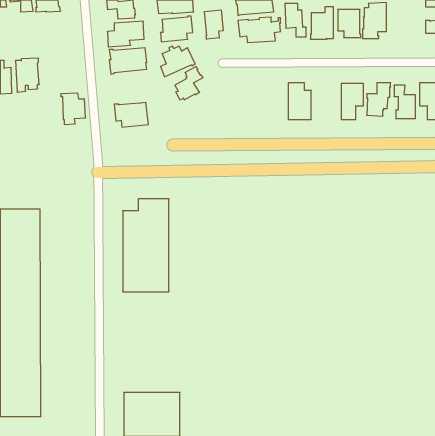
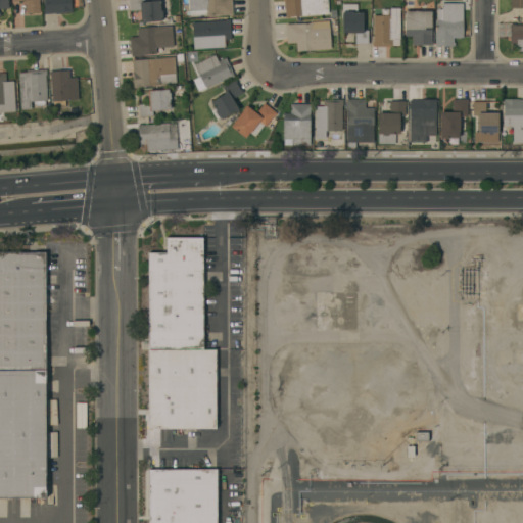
building: [204,10,223,39] -> none
building: none -> [139,90,172,117]
building: none -> [316,100,343,139]
building: none -> [378,101,407,144]
building: none -> [231,103,277,139]
building: none -> [283,104,312,146]
building: [61,93,86,125] -> [49,70,79,108]
building: none -> [148,349,217,429]

